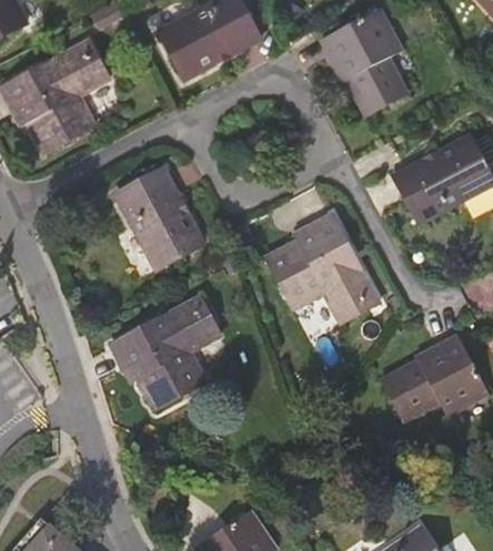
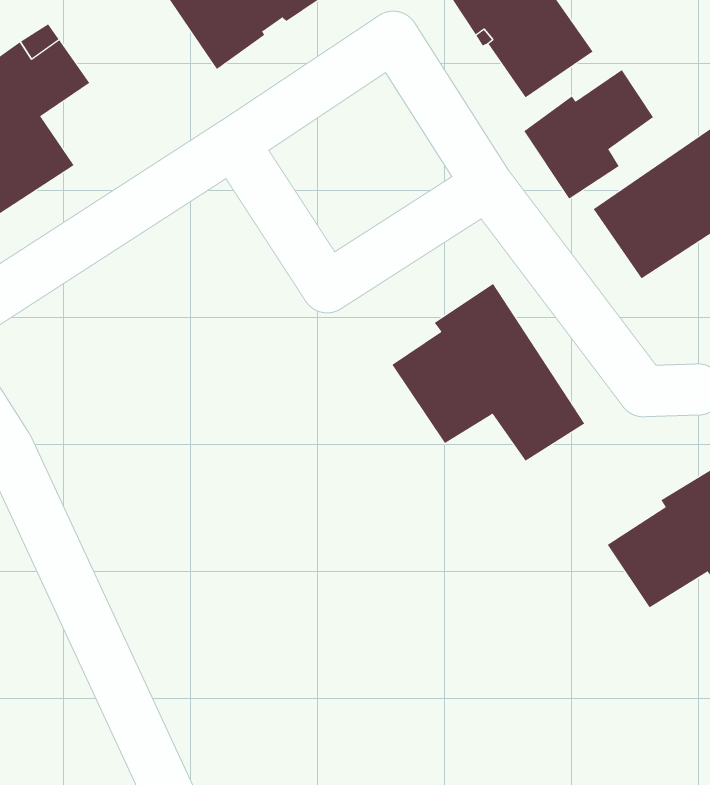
building: none -> [523,69,654,199]
building: [118,172,202,272] -> none
building: [118,298,223,411] -> none

